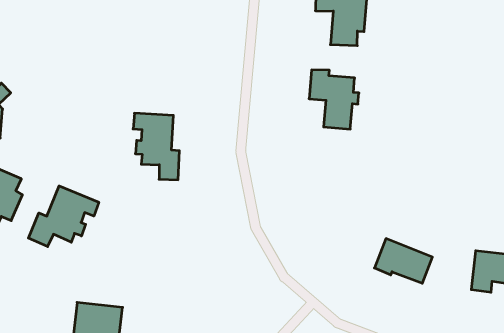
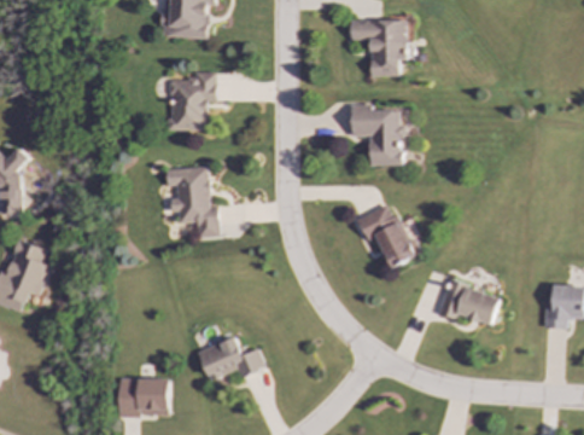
building: none -> [165,71,214,130]
building: none -> [356,204,421,268]
building: [28,186,99,247] -> none
building: none -> [197,336,264,381]

